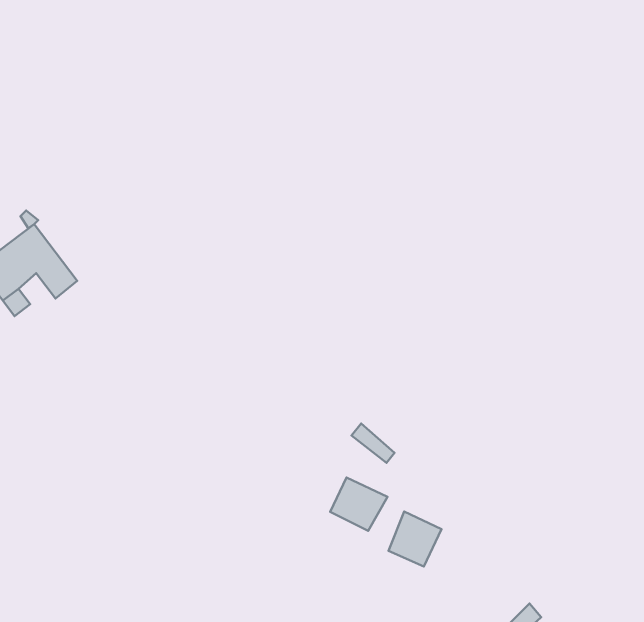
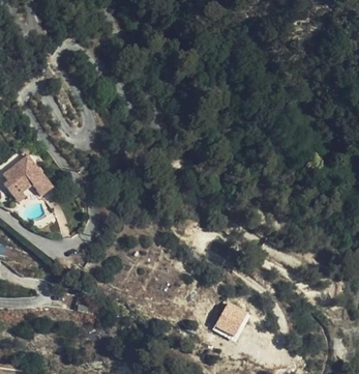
building: [330,478,387,531] -> none

